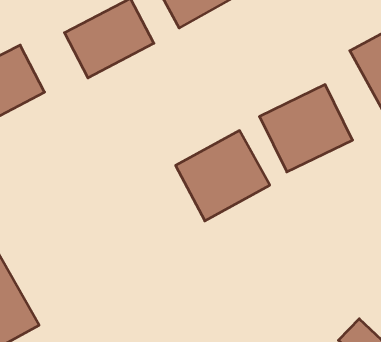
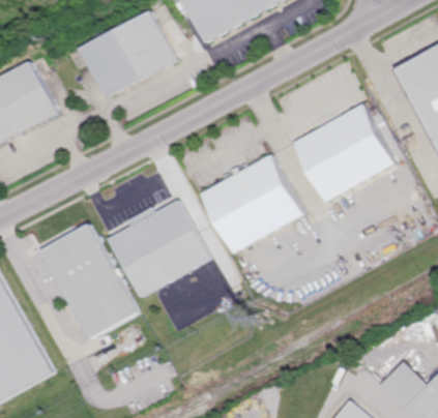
building: none -> [107,201,210,298]
building: none -> [38,225,137,340]

